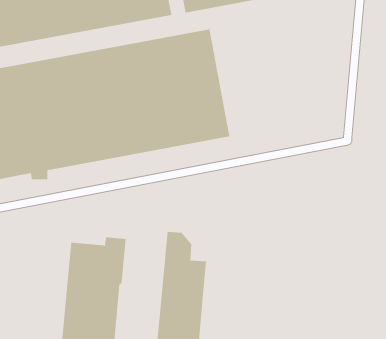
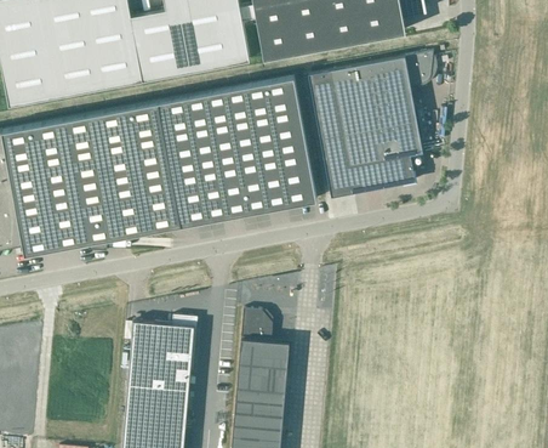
building: none -> [308,52,434,198]

